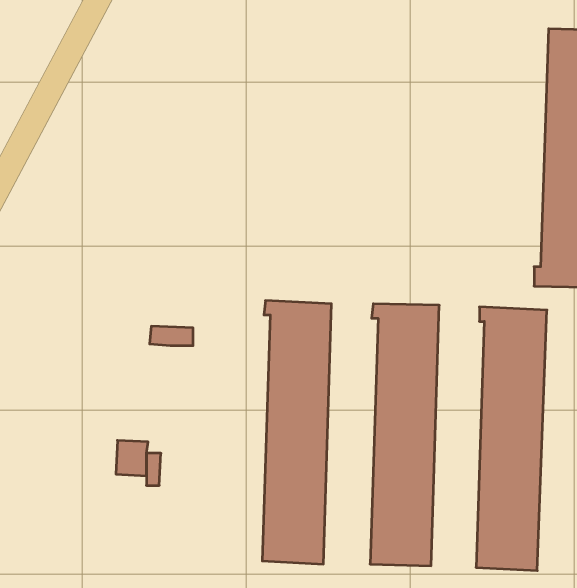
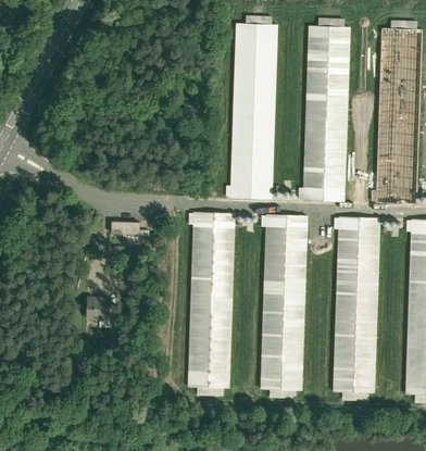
building: none -> [225,23,278,198]
building: none -> [298,24,350,200]

